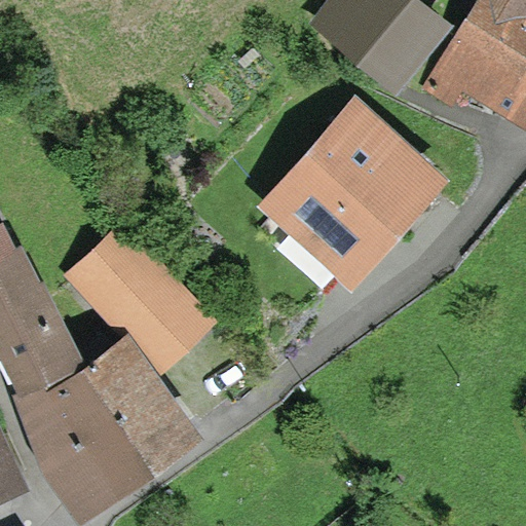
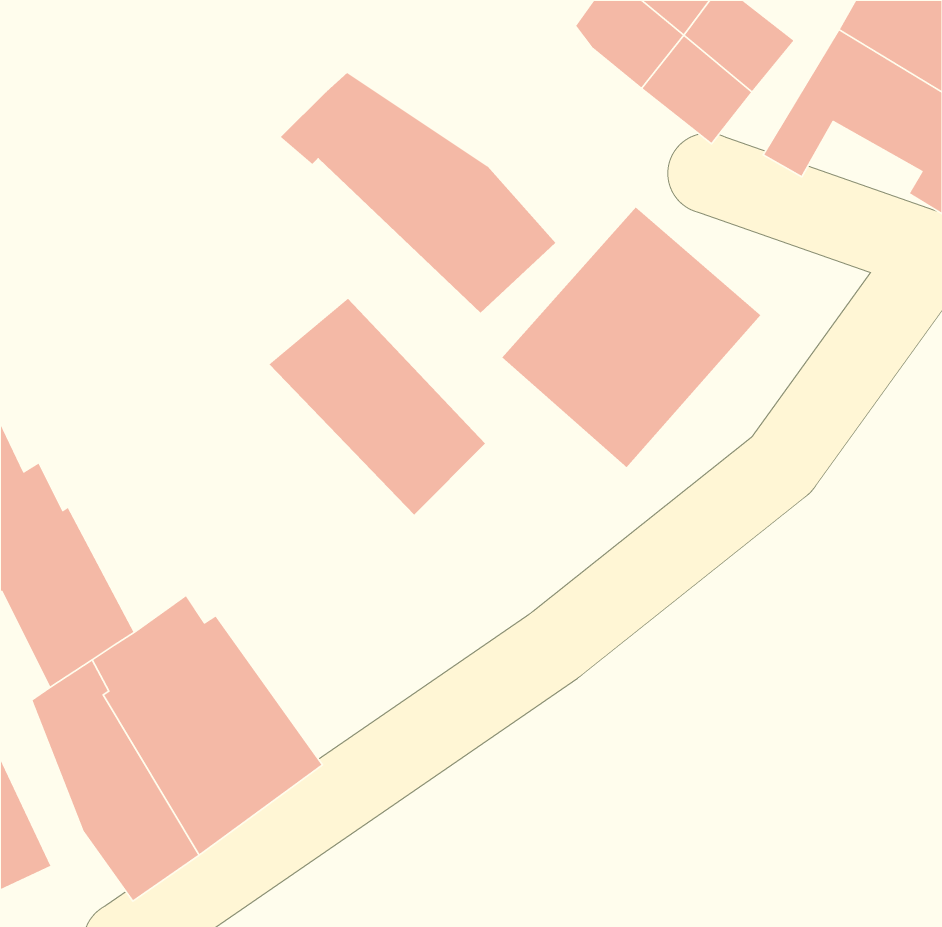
building: none -> [280,72,556,314]
building: [79,243,200,365] -> [268,298,486,515]

